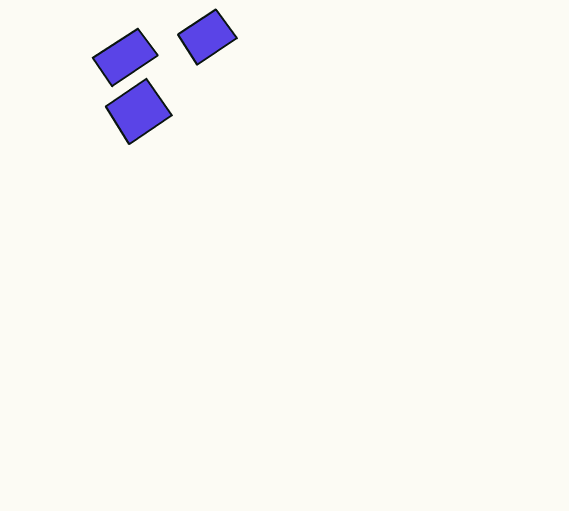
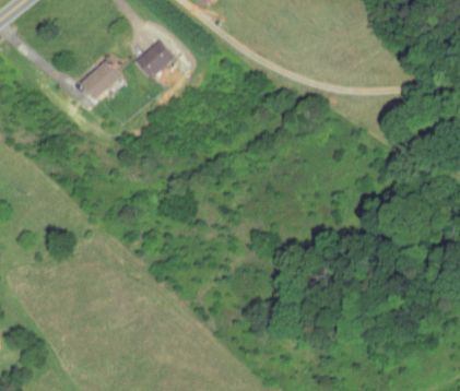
building: [106,79,172,144] -> none

